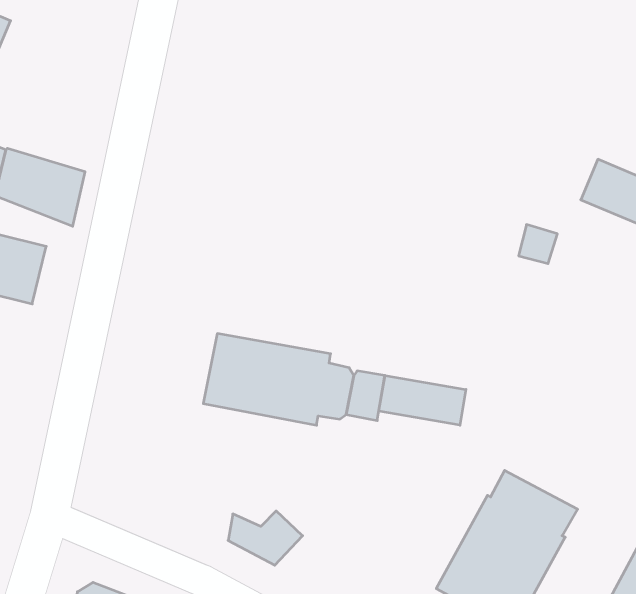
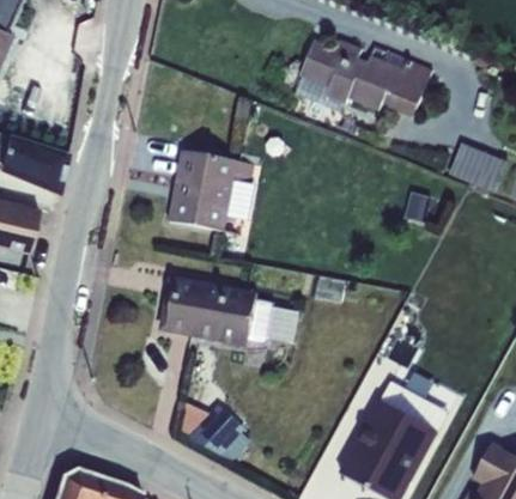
building: none -> [296,41,432,117]
building: none -> [169,151,253,232]
building: [379,375,466,425] -> none

